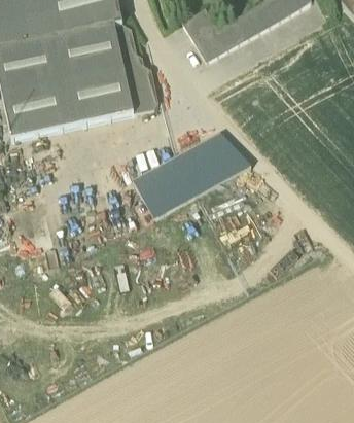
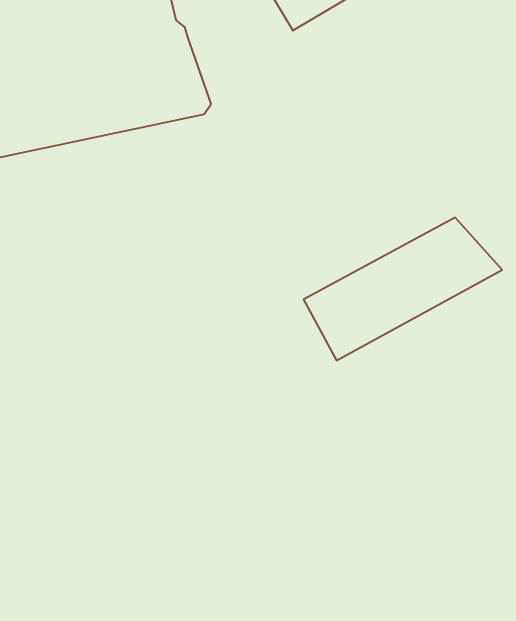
building: [133,136,250,220] -> [304,218,502,360]

